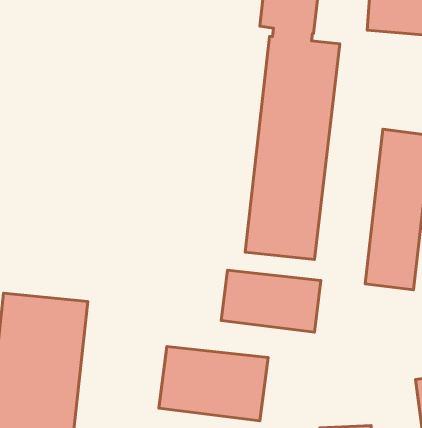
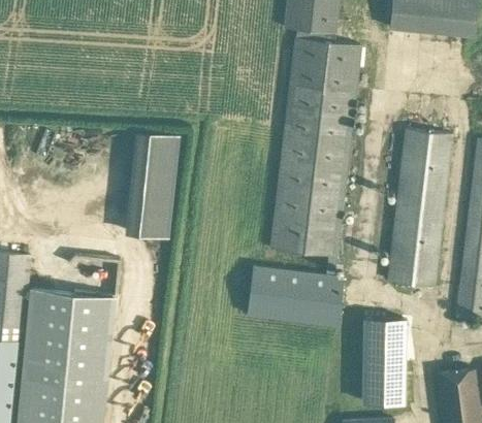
building: none -> [124,130,178,237]
building: none -> [363,319,407,402]
building: [159,346,268,421] -> none

